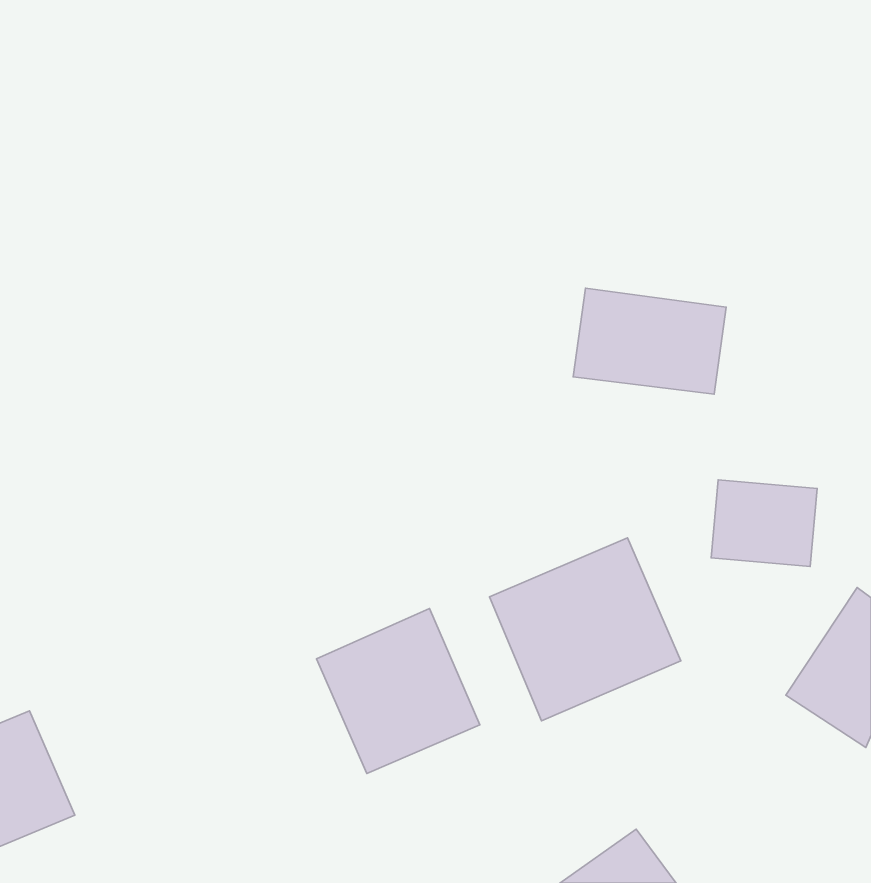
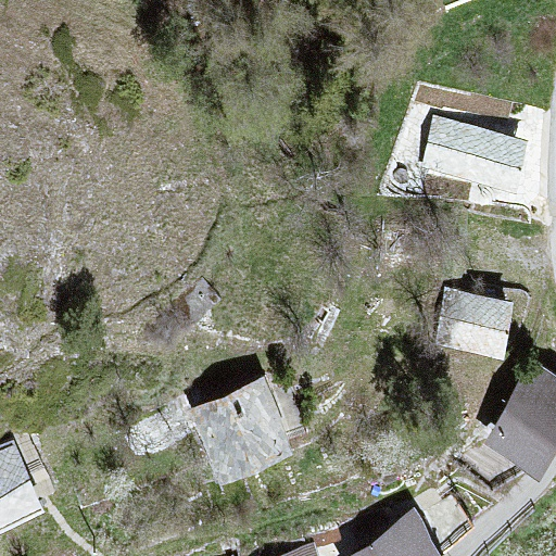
building: [573,288,726,394] -> [420,121,516,187]
building: [490,538,681,721] -> none

